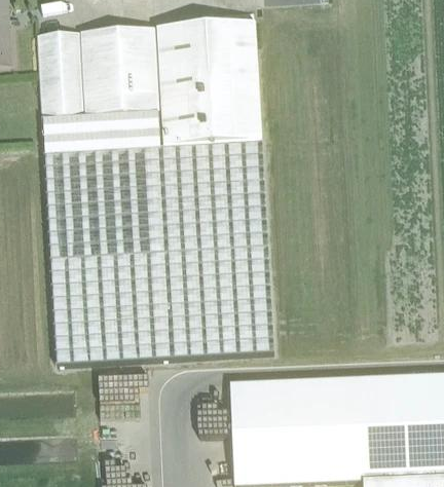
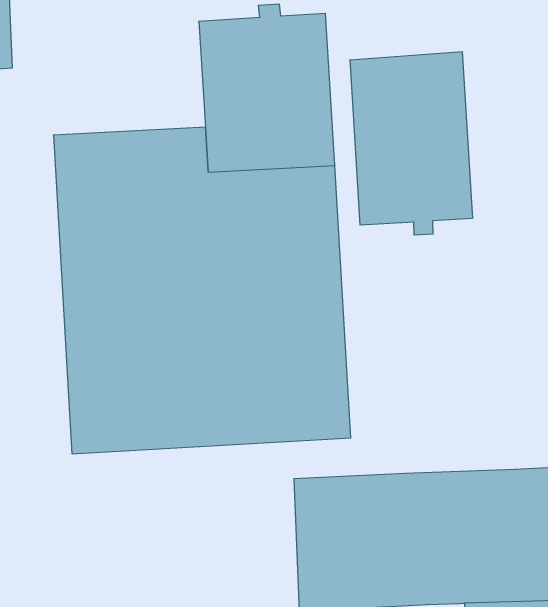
building: [37,27,160,115] -> none
building: none -> [350,52,472,235]

